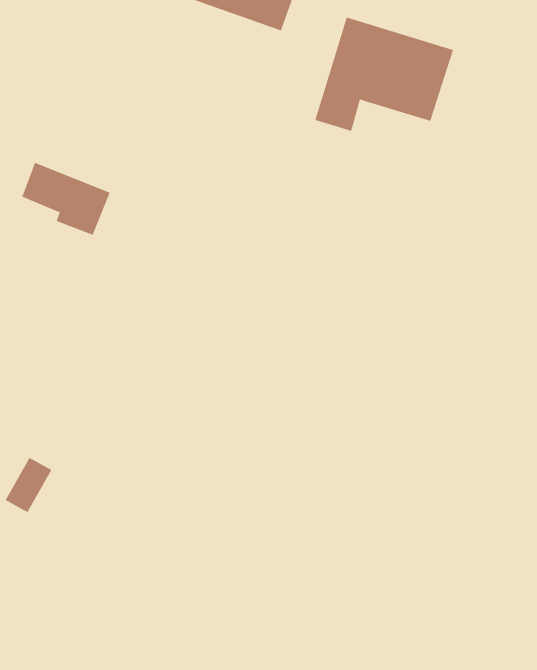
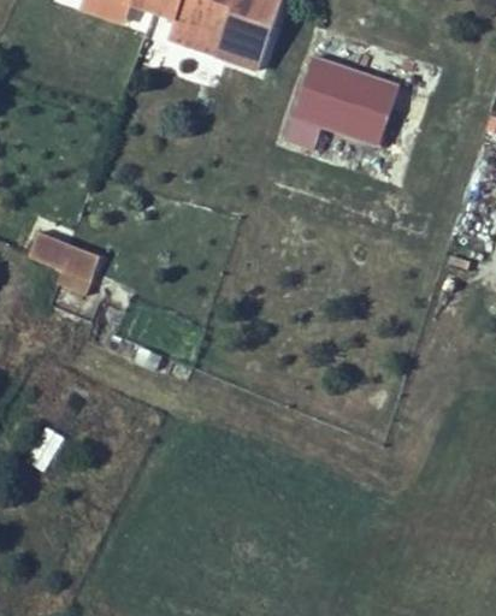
building: [22,162,110,235] -> [29,232,104,294]

